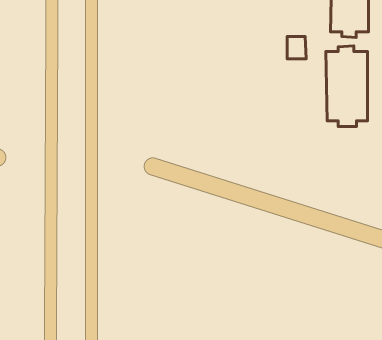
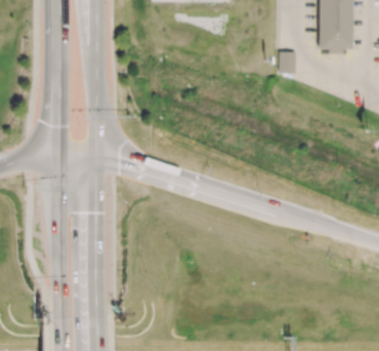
building: [326,46,367,127] -> none

